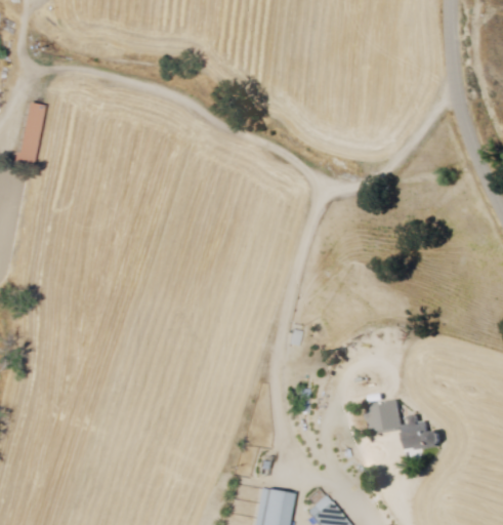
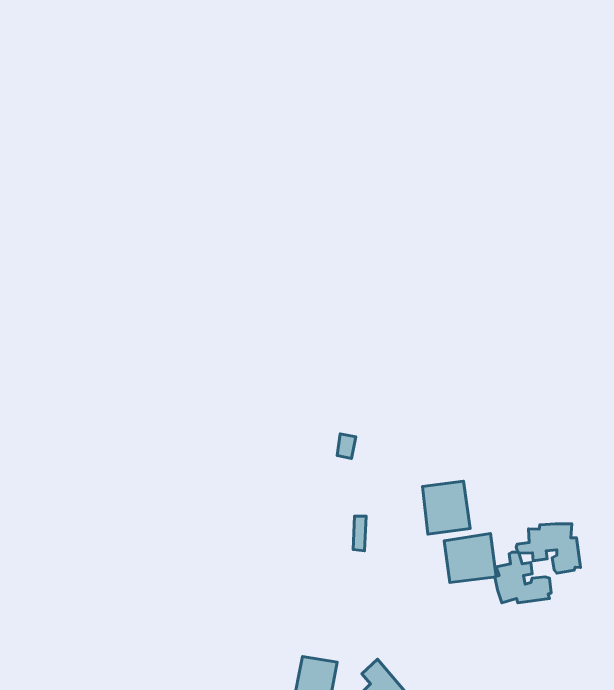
building: none -> [422,481,470,534]
building: none -> [516,524,580,573]

